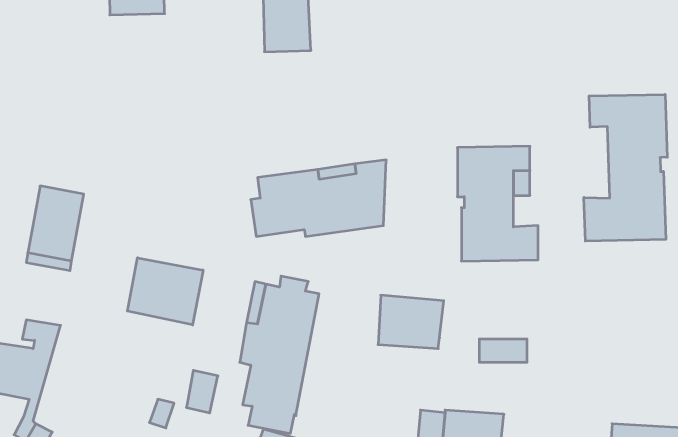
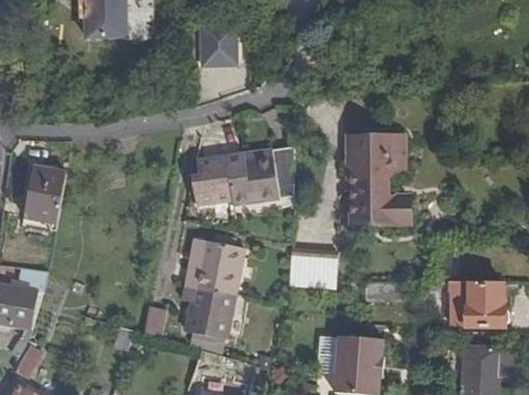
building: [584,94,667,241] -> none
building: [127,258,203,325] -> none
building: none -> [449,282,508,327]

